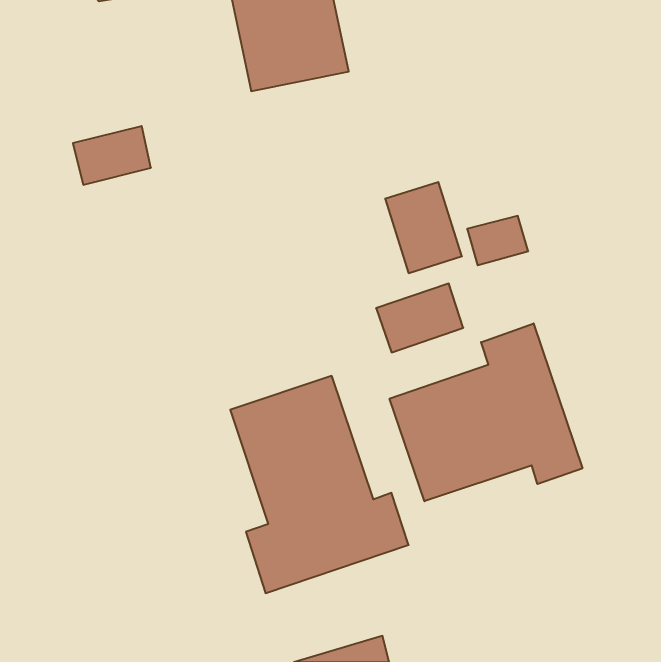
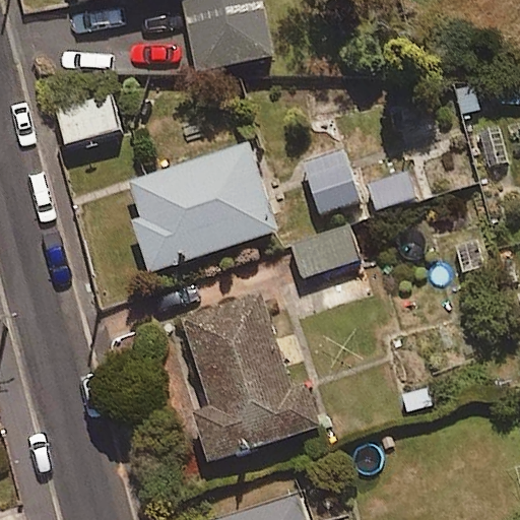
building: none -> [128,142,276,271]
building: [390,323,582,501] -> none

